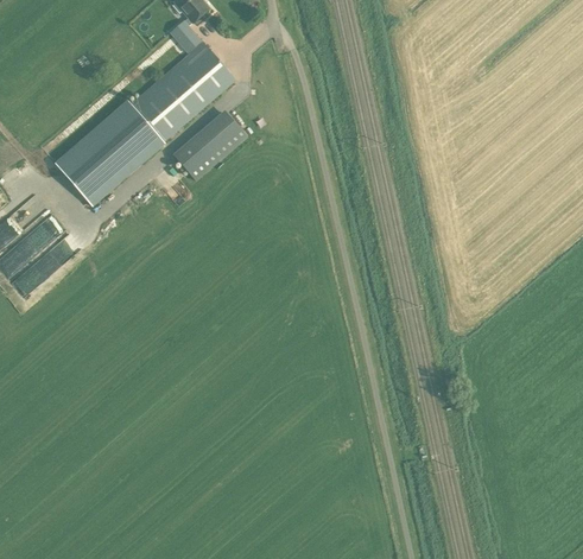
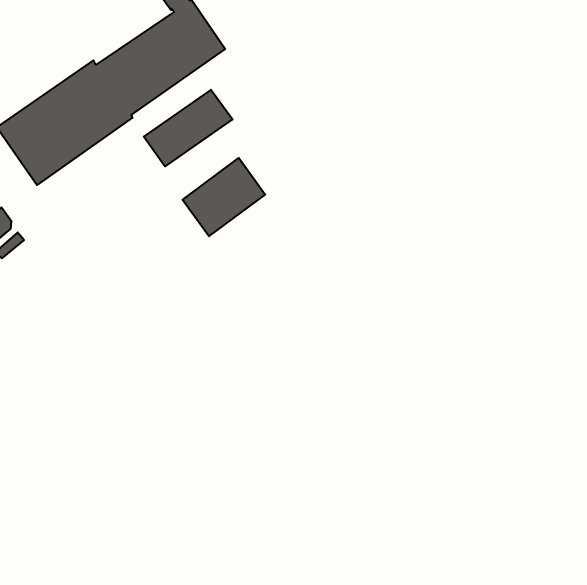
building: none -> [183,158,265,236]

